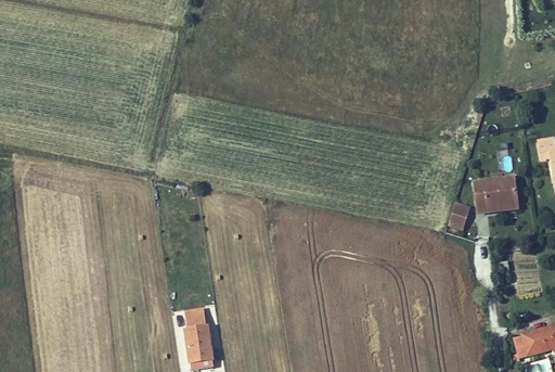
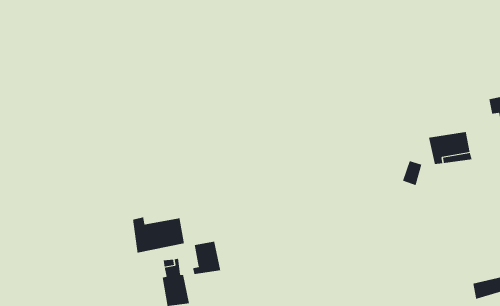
building: none -> [132,216,185,253]
building: none -> [192,241,221,275]

